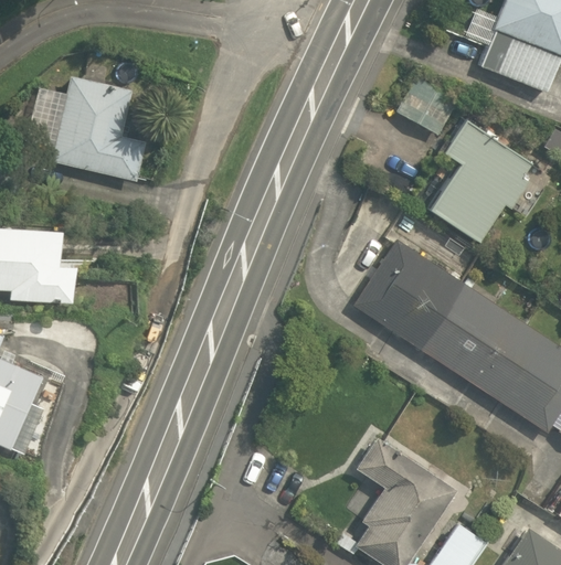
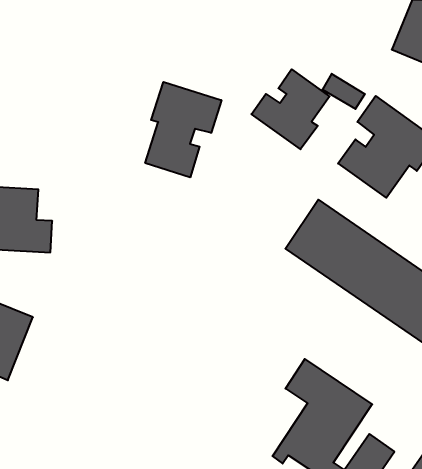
building: [25,74,147,183] -> none
building: none -> [251,69,330,149]
building: none -> [145,82,221,177]

